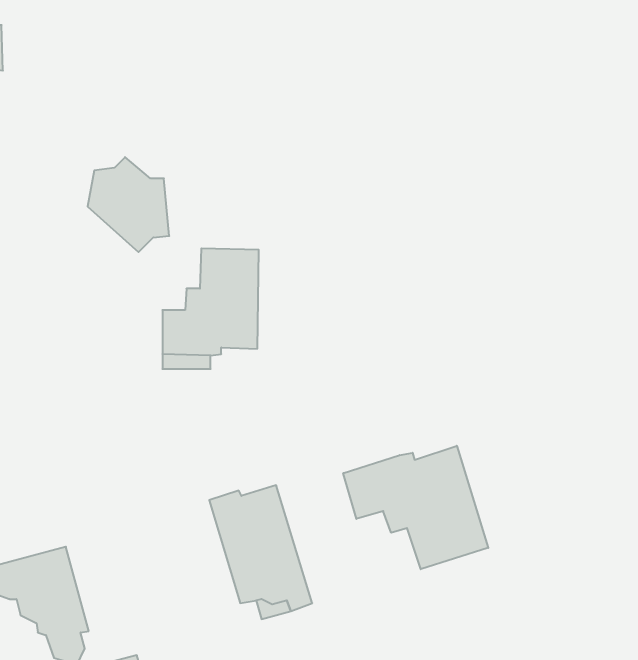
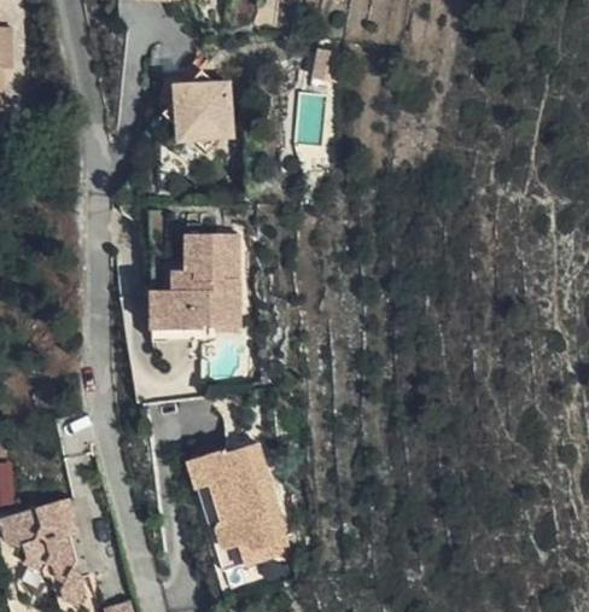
building: [88,157,169,252] -> [163,64,237,150]
building: [343,446,488,569] -> none

